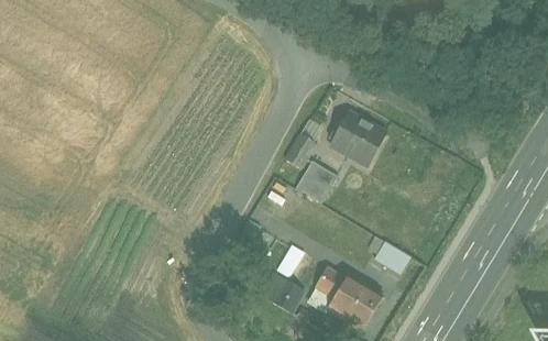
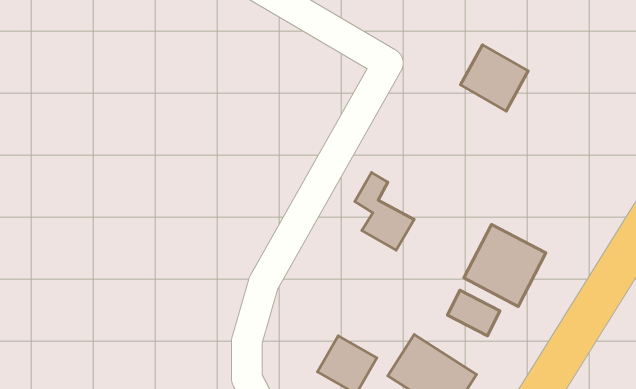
building: [330,106,384,158] -> [461,45,528,111]
building: none -> [464,224,546,306]

